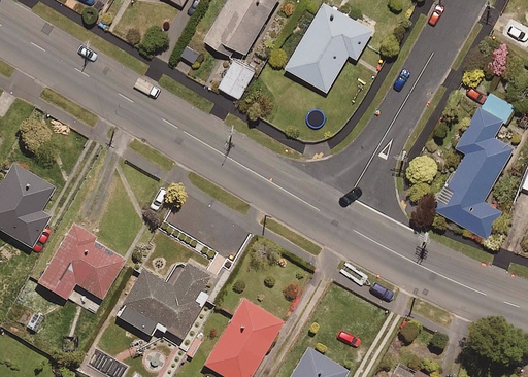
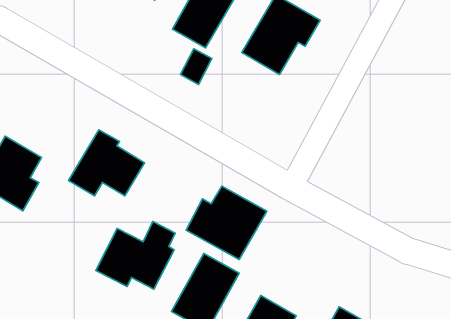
building: [435,94,517,240] -> none
building: none -> [186,186,267,260]
building: [36,224,124,300] -> [69,130,144,196]

